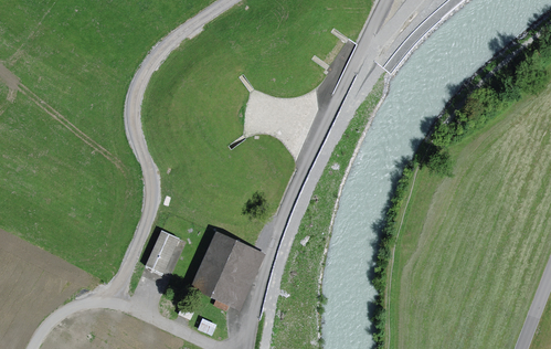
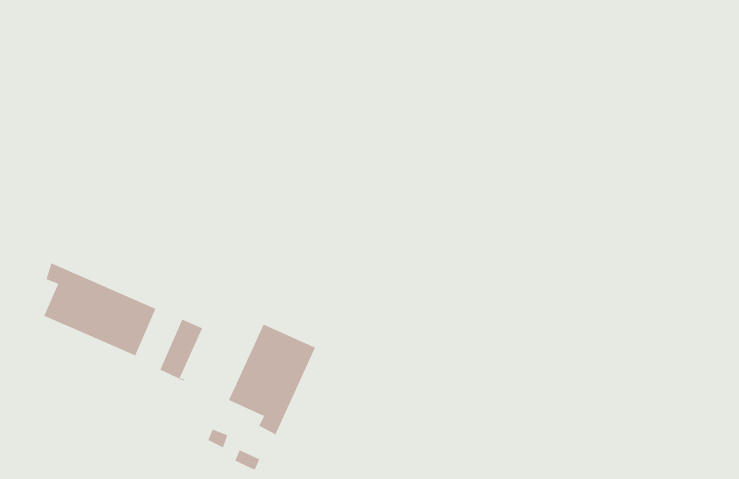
building: none -> [44,262,156,356]

